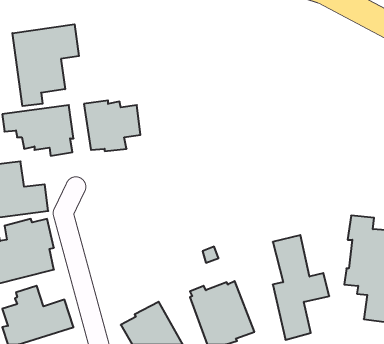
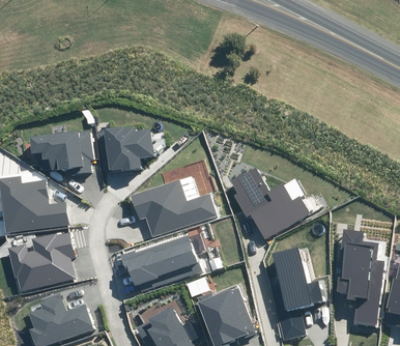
building: [12,24,79,106] -> none
building: none -> [230,166,310,239]
building: none -> [131,179,218,237]
building: none -> [119,235,202,292]

